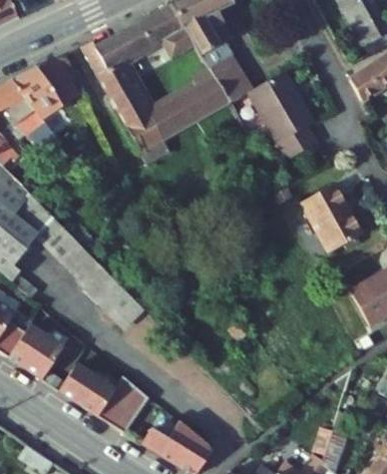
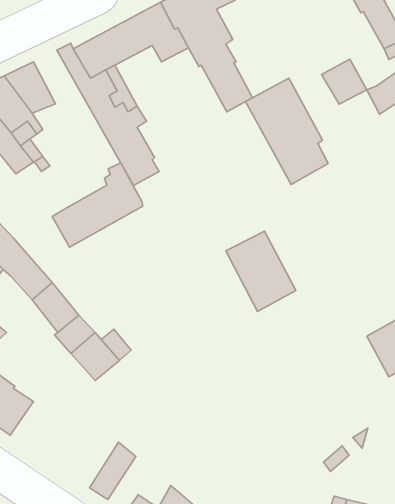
building: none -> [322,59,367,104]
building: [149,65,228,137] -> [52,163,143,247]
building: [302,182,362,252] -> [226,231,296,312]
building: [57,361,133,421] -> none

